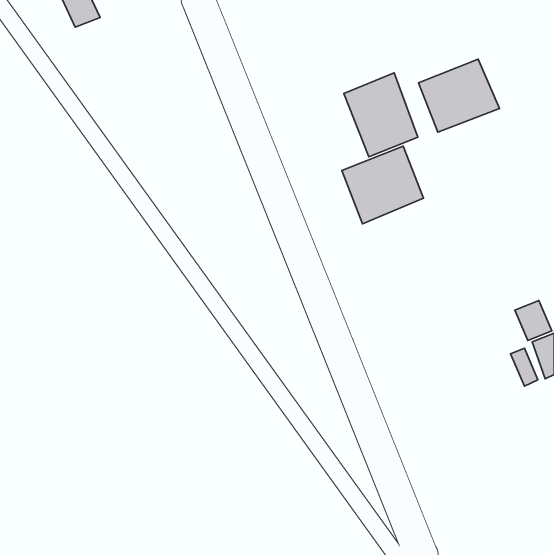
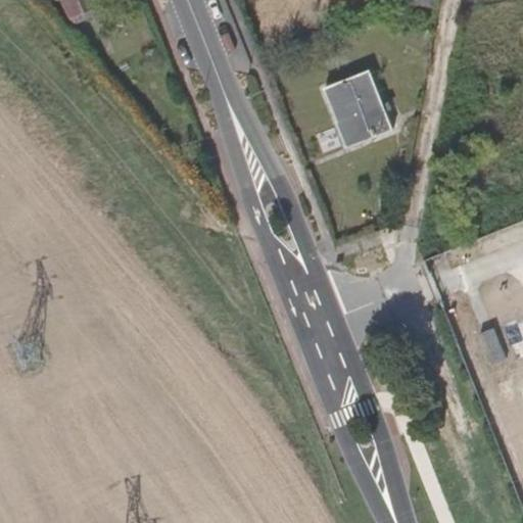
building: [418,59,500,132] -> none
building: [342,146,423,224] -> none

